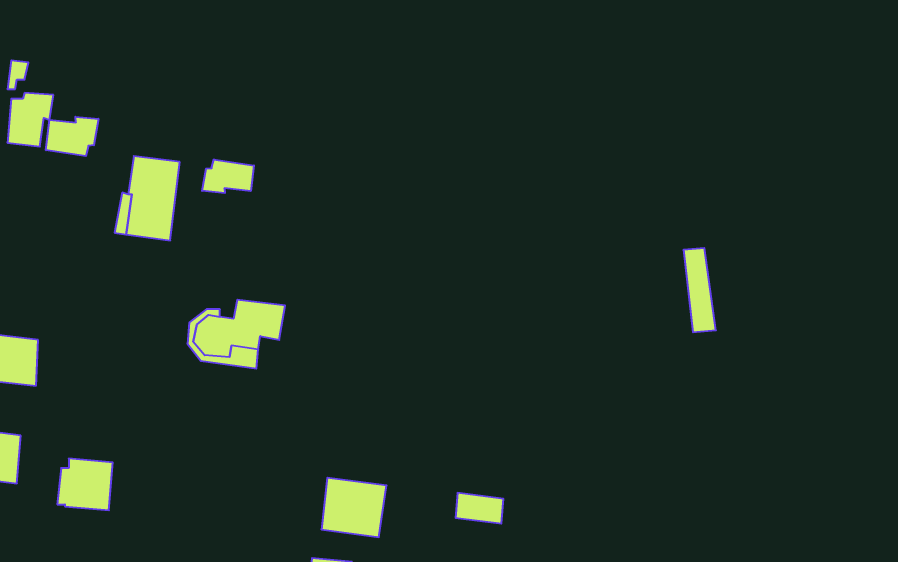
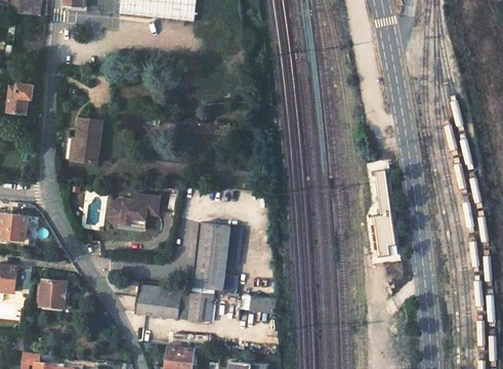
building: [46,117,98,156] -> none
building: [202,159,254,193] -> none
building: none -> [194,224,243,294]
building: none -> [135,285,180,318]

